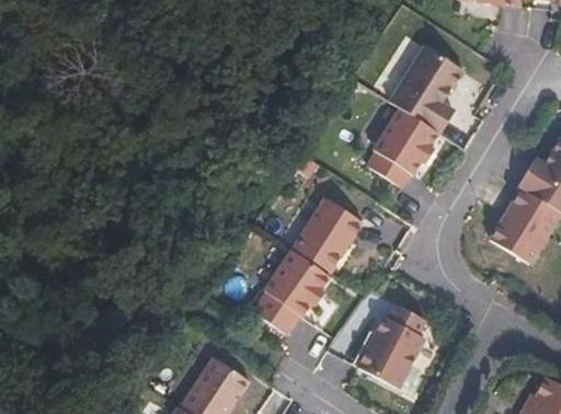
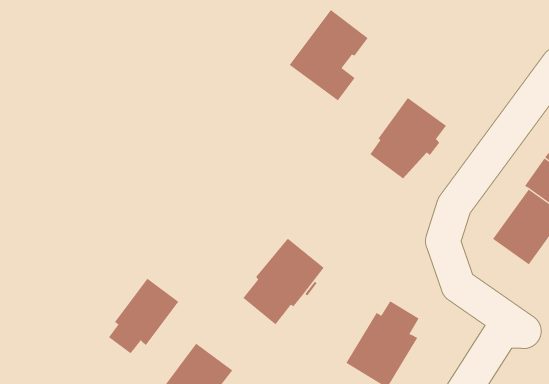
building: [390,46,465,134] -> [289,9,369,101]
building: [295,198,364,273] -> none
building: none -> [108,278,179,354]

